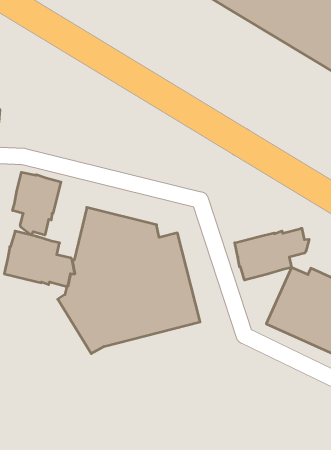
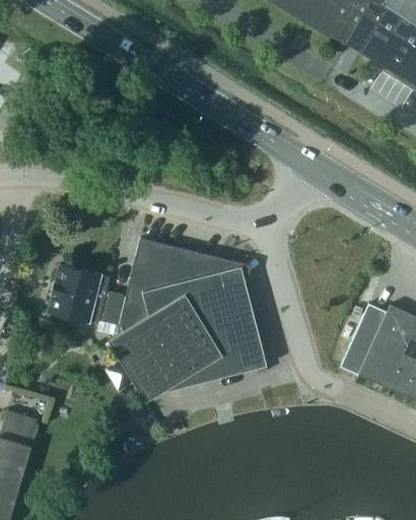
building: [13,172,61,235] -> none
building: [235,228,309,280] -> none

